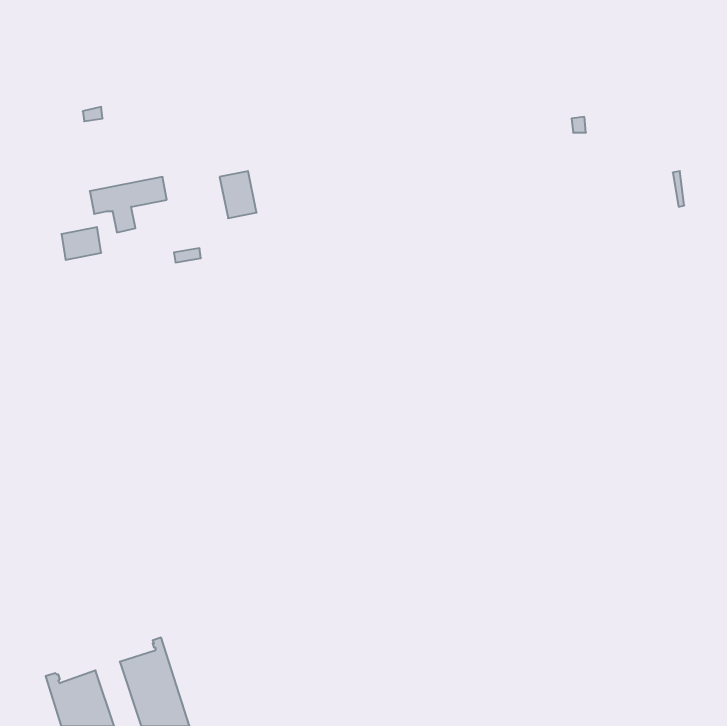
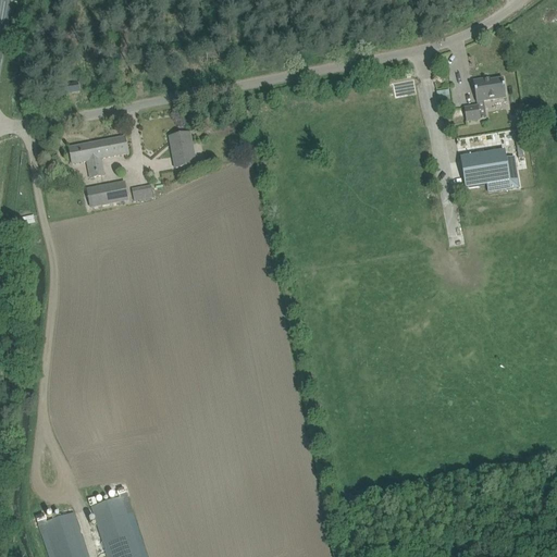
building: none -> [462,77,505,121]
building: none -> [459,149,518,191]
building: [61,227,101,260] -> [97,180,127,205]

